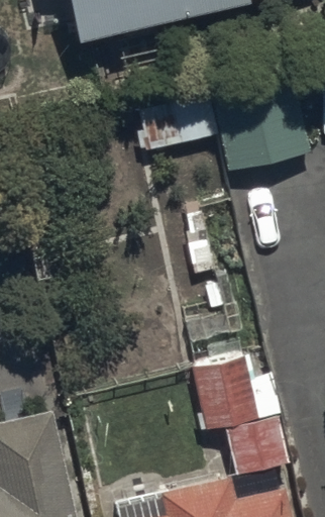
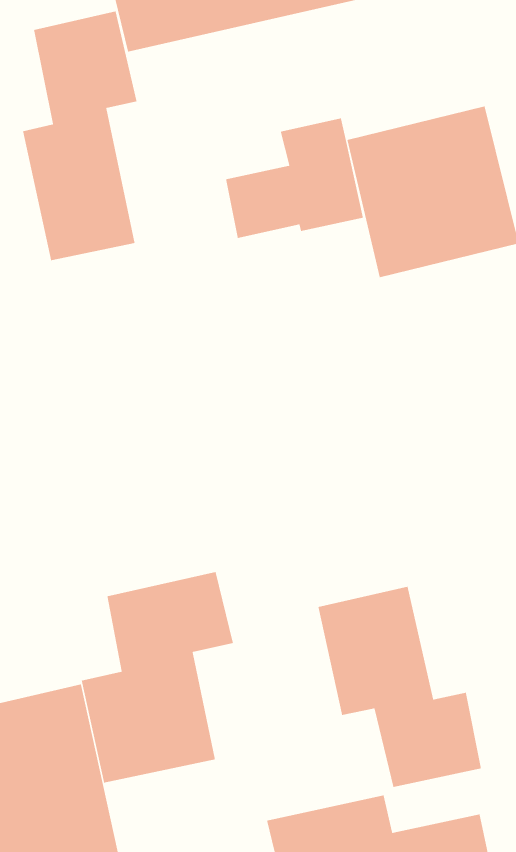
building: none -> [22,11,137,261]
building: none -> [81,571,234,784]

